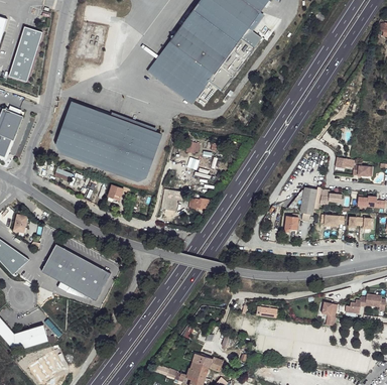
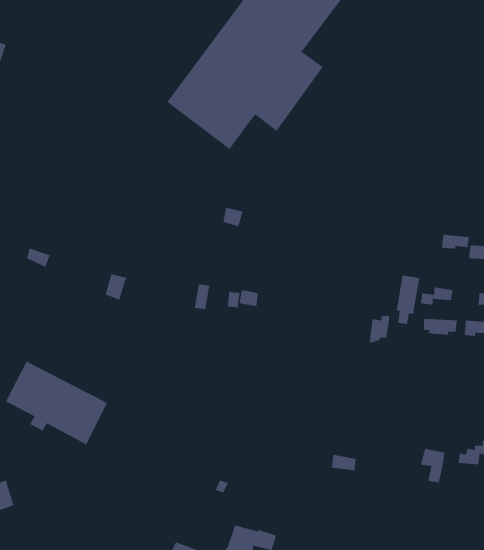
building: [55,101,161,180] -> none

